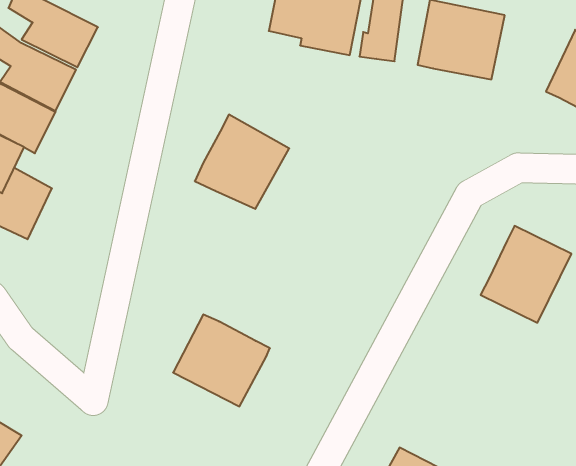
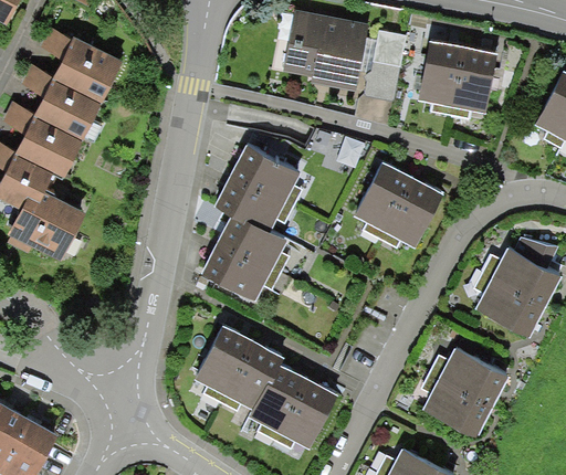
building: none -> [353,161,444,245]
building: none -> [200,214,284,303]
building: none -> [421,348,507,436]
building: none -> [251,366,338,447]

